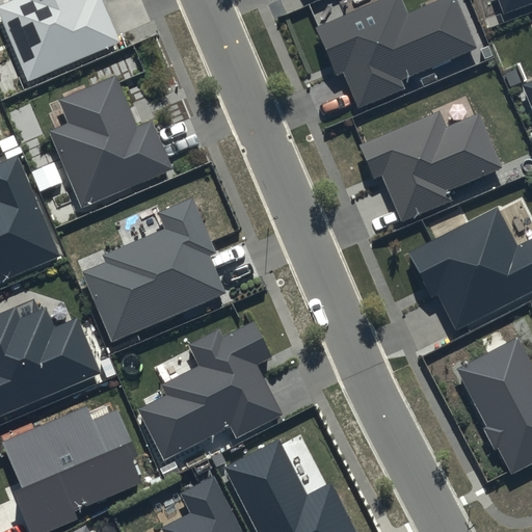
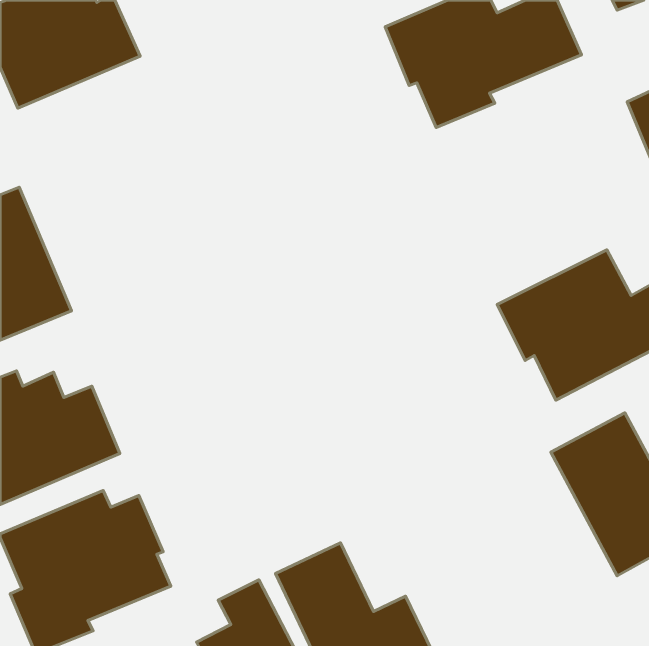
building: [50,76,172,207] -> none
building: [358,111,502,221] -> none
building: [83,197,225,342] -> none
building: [139,323,284,460] -> none

